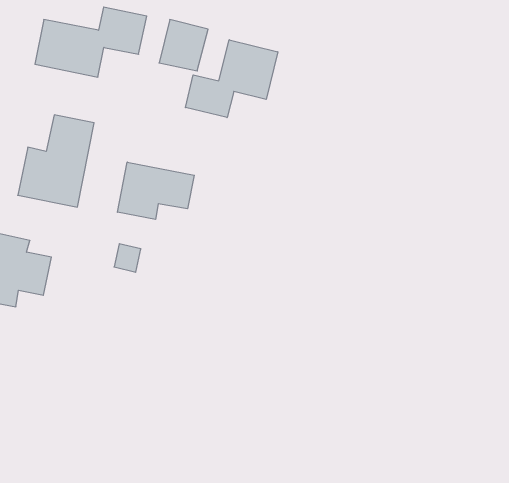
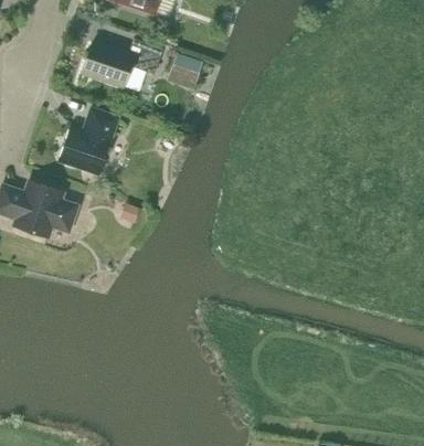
building: [185,40,278,118] -> none
building: [117,162,194,219] -> none

